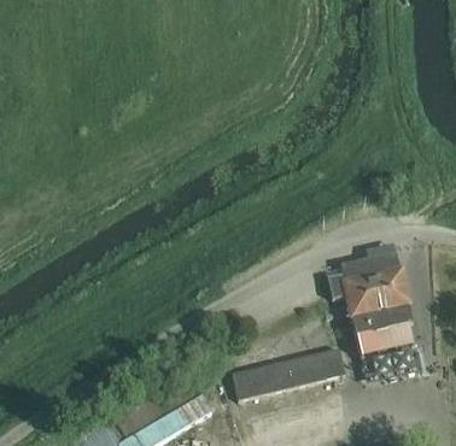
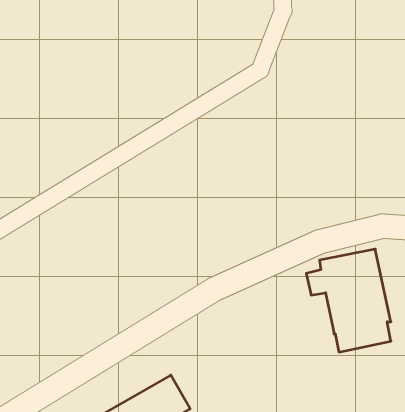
building: [232,350,346,401] -> none

